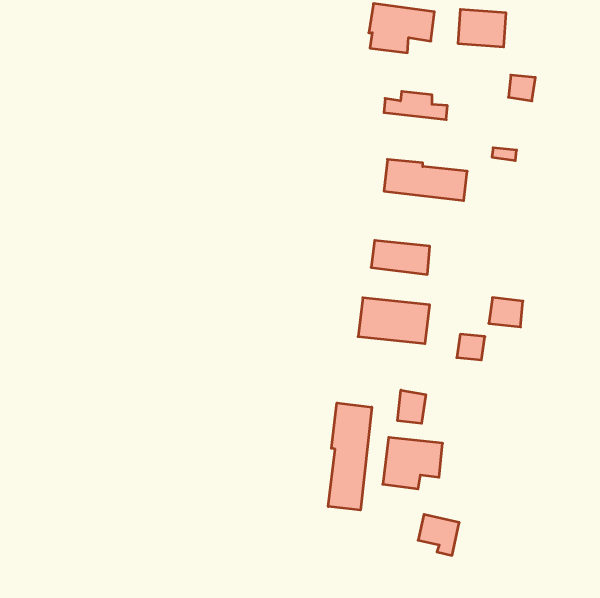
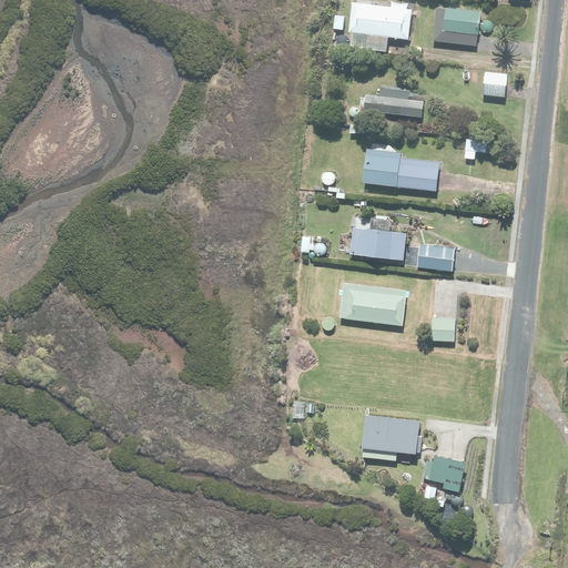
building: [489,298,523,327] -> [419,243,452,271]
building: [398,390,426,423] -> none
building: [328,403,372,510] -> none
building: [418,514,459,555] -> [426,454,465,493]

